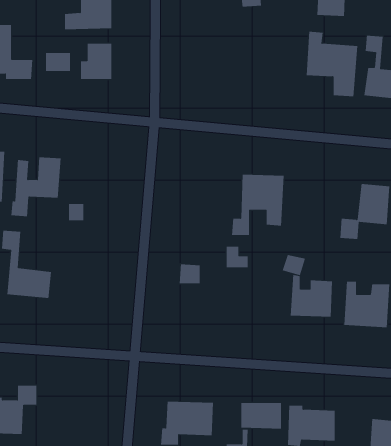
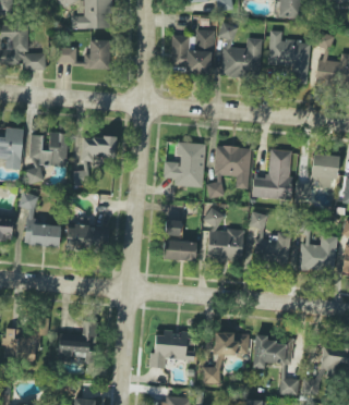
building: none -> [219,23,262,77]
building: none -> [171,28,213,74]
building: none -> [82,136,117,161]
building: none -> [164,142,205,186]
building: none -> [253,148,292,198]
building: none -> [67,226,109,248]
building: none -> [208,229,243,260]
building: none -> [163,240,196,260]
building: none -> [58,321,98,359]

